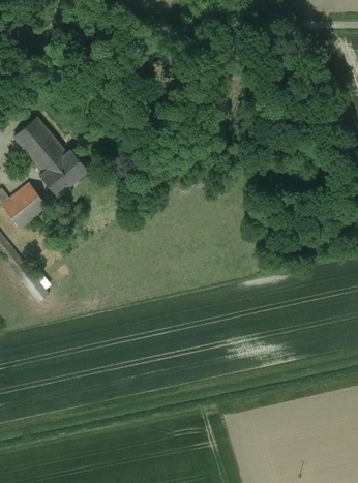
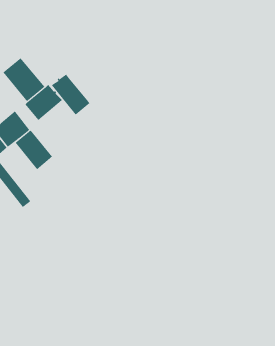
building: none -> [51,73,90,116]
building: none -> [15,129,53,170]

